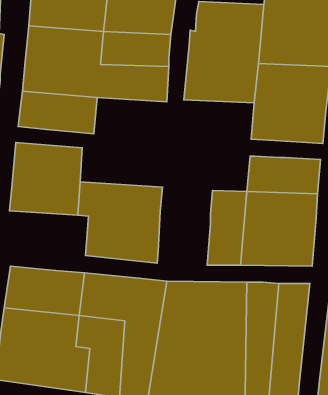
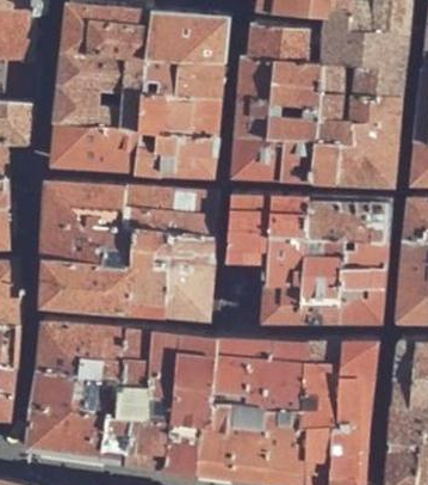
building: none -> [136,134,217,177]
building: none -> [231,136,315,180]
building: none -> [120,190,216,234]
building: none -> [227,197,310,264]
building: none -> [41,260,130,311]

